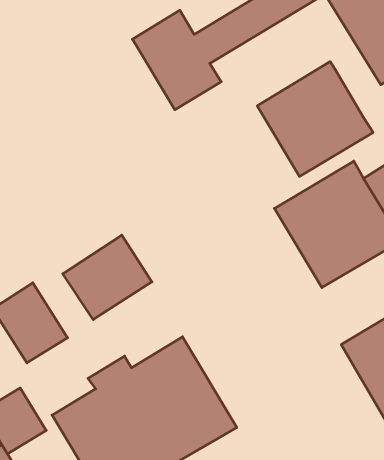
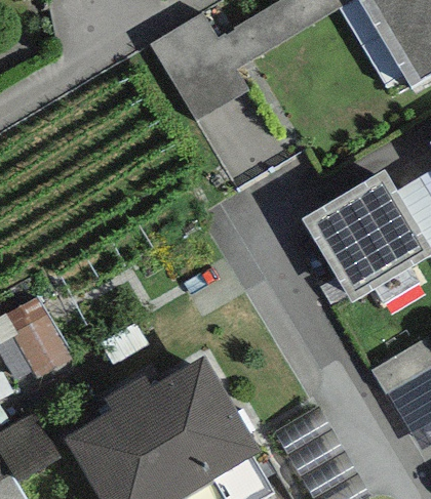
building: [257,62,373,176] -> none
building: [63,235,152,320] -> none

